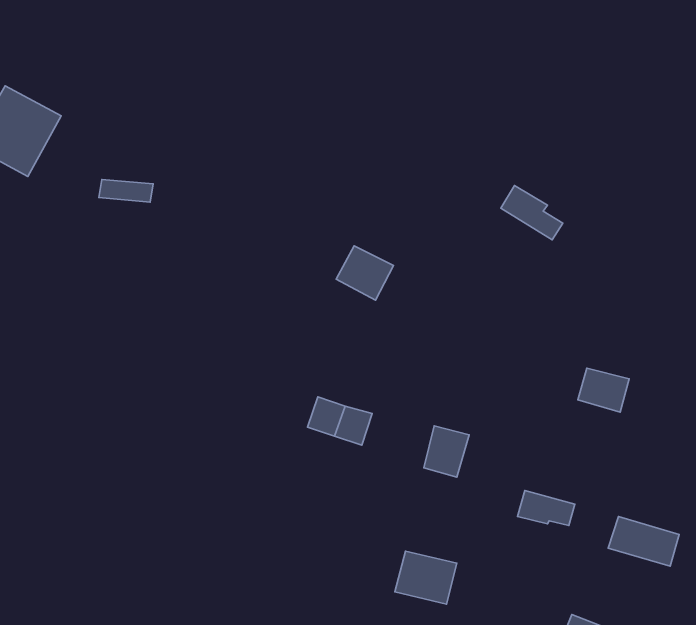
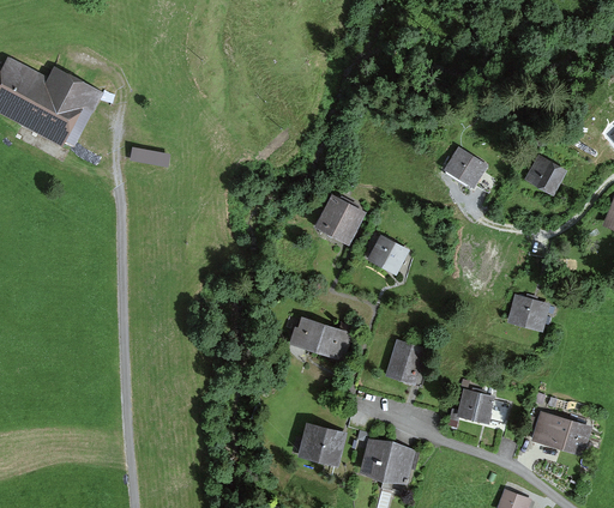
building: none -> [529,158,564,193]
building: none -> [368,238,405,272]
building: none -> [297,424,344,466]

